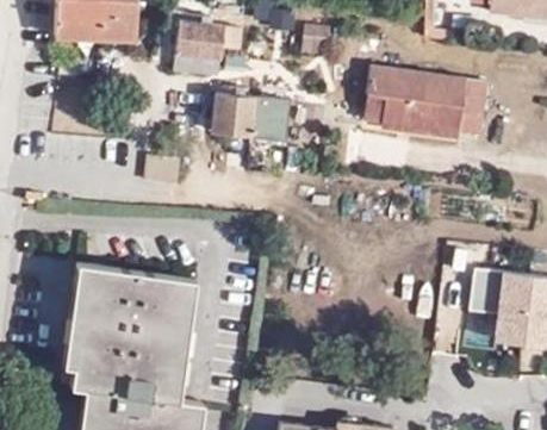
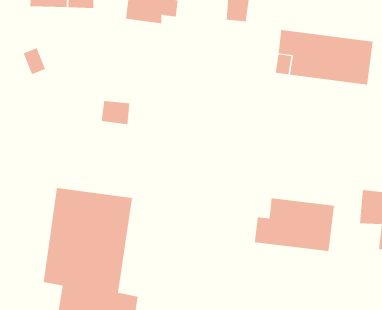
building: [212,95,287,139] -> none
building: none -> [254,198,334,252]

